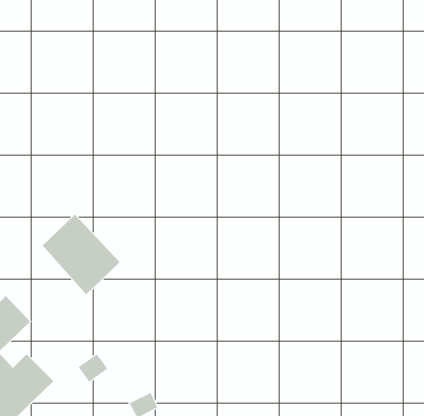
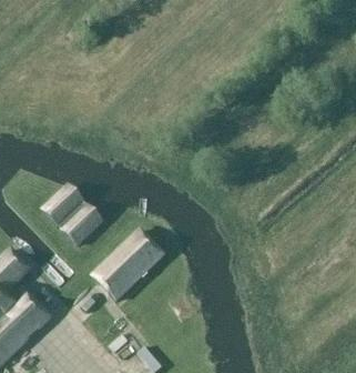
building: none -> [93,230,165,302]

